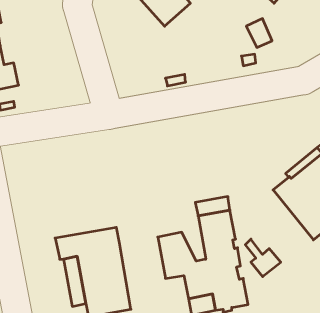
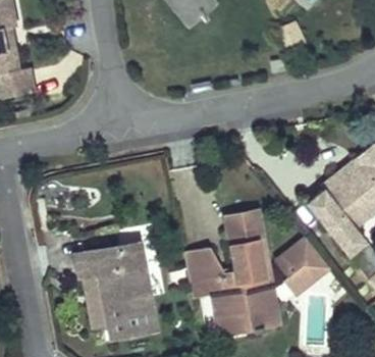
building: none -> [282,236,329,278]

